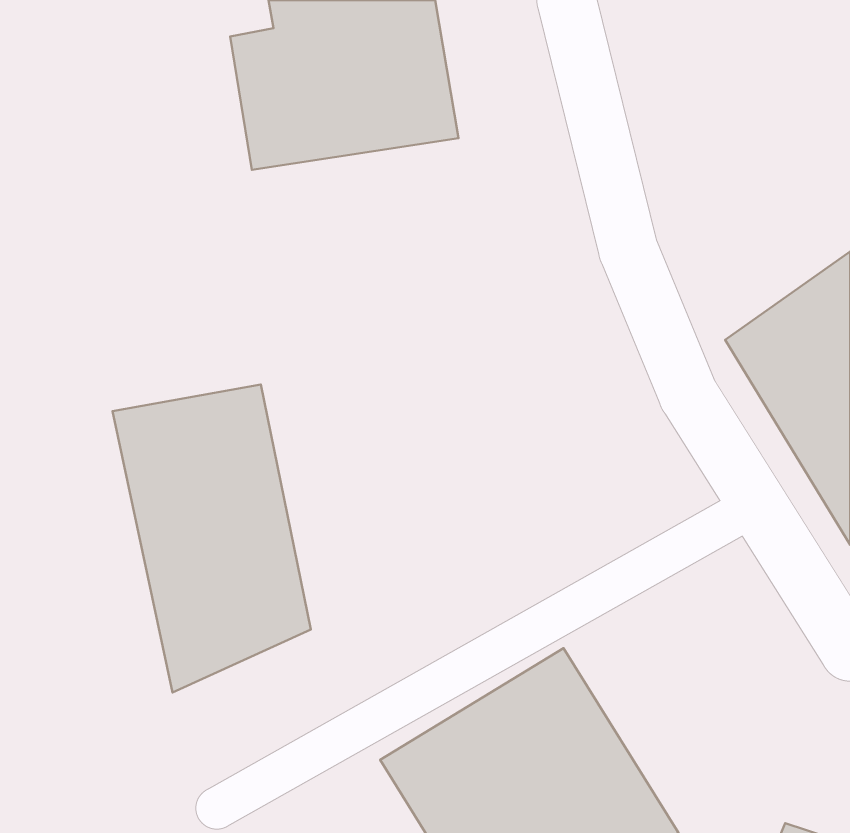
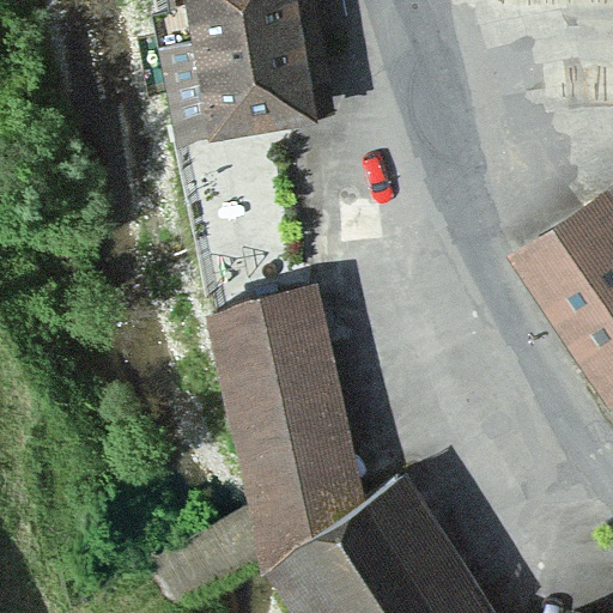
building: [113,384,311,693] -> [210,289,352,510]

